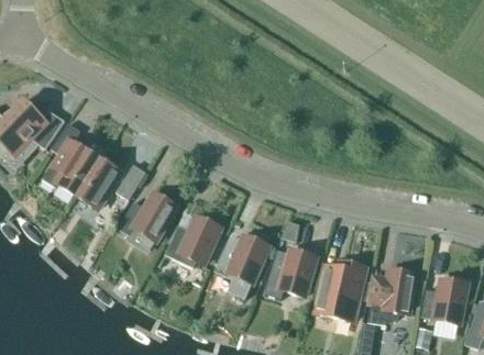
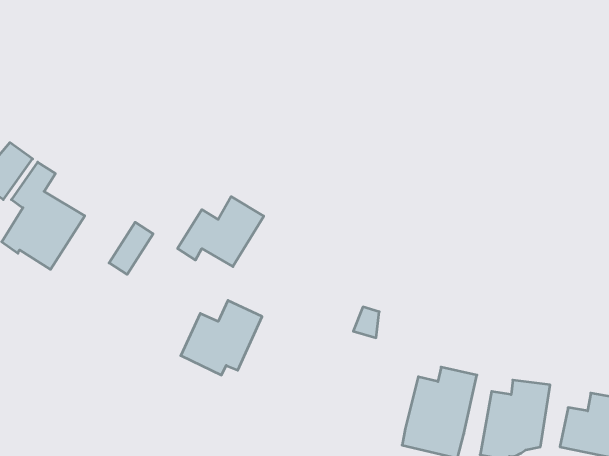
building: [78,159,121,209] -> none
building: [119,192,177,240] -> [178,197,264,267]
building: [216,235,270,284] -> none
building: [268,249,317,296] -> none

